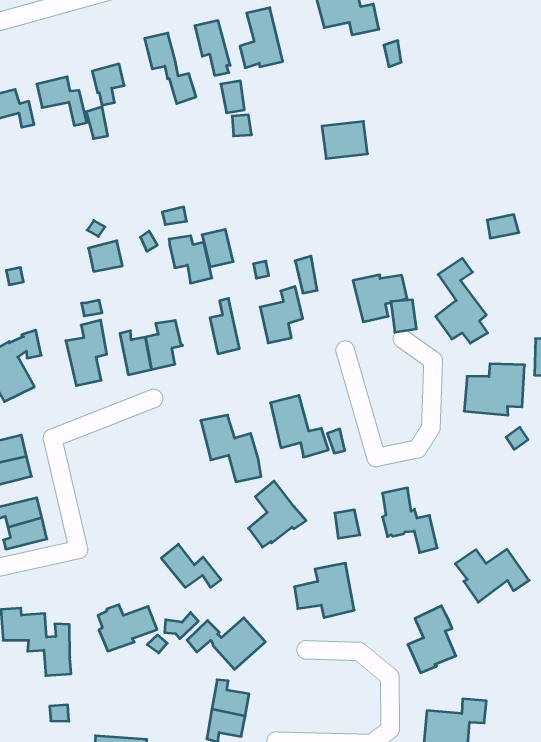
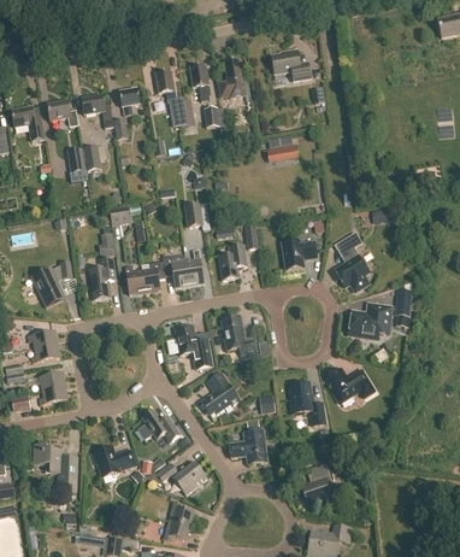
building: none -> [66,145,101,171]
building: [169,236,212,283] -> [163,256,189,287]
building: [455,549,529,602] -> [326,368,375,403]

